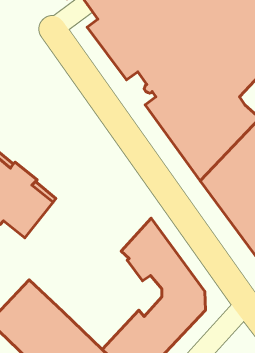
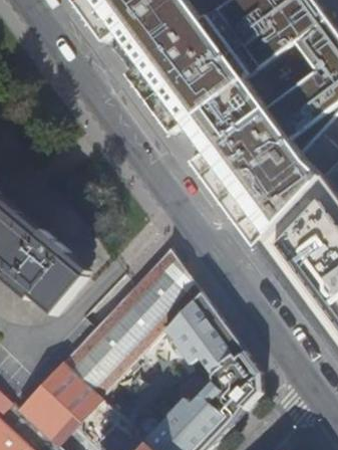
building: none -> [62,248,200,396]

